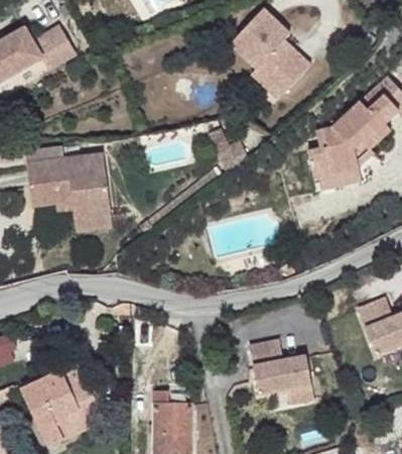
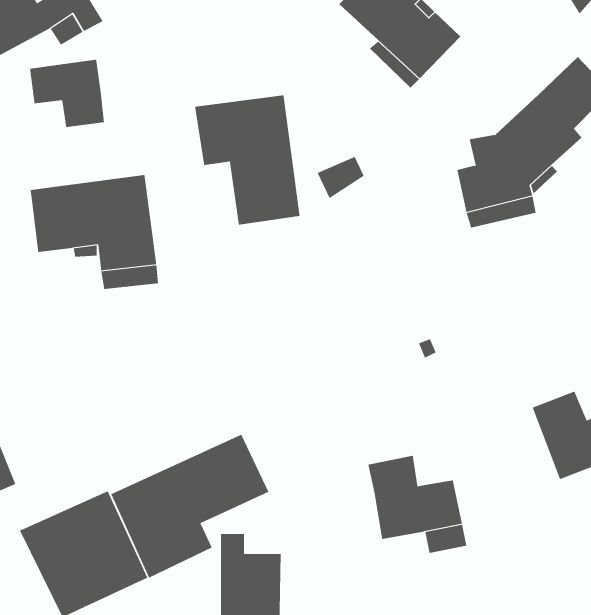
building: none -> [29,59,105,128]
building: none -> [195,94,300,225]
building: none -> [110,434,269,578]

